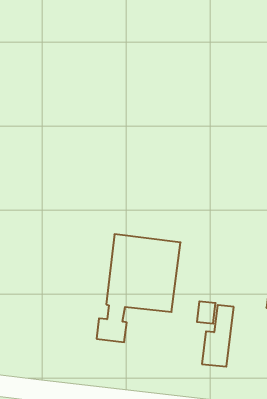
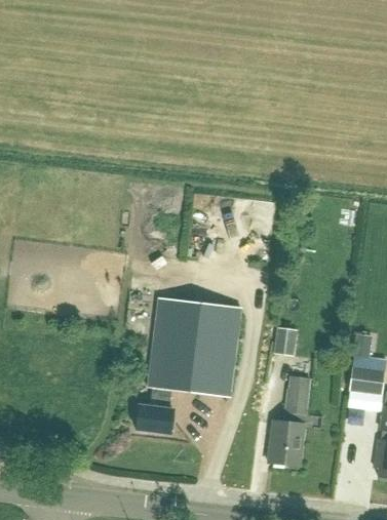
building: [197,301,216,324] -> [273,327,297,355]

